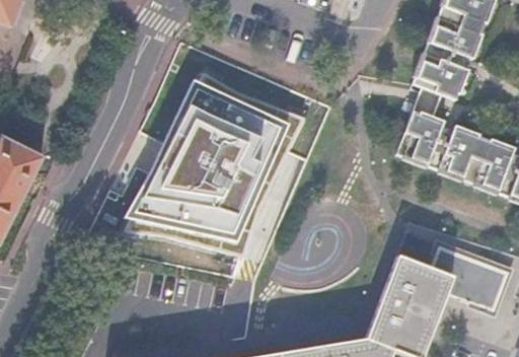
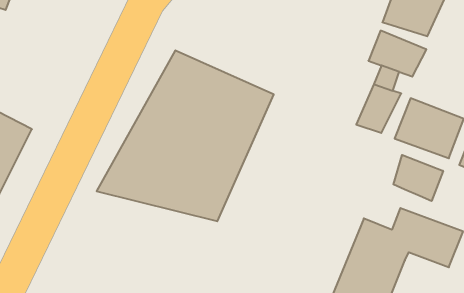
building: none -> [393,155,443,201]

